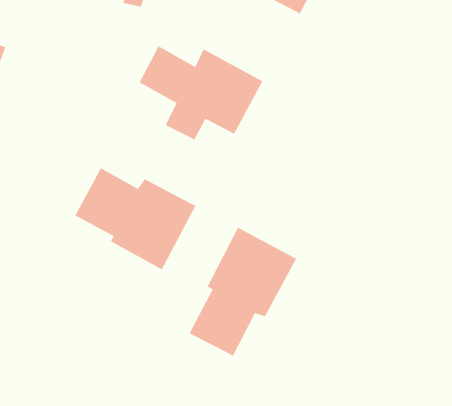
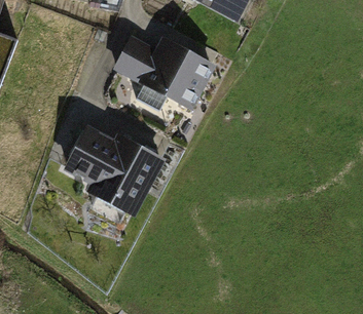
building: [189,227,297,356] -> none

